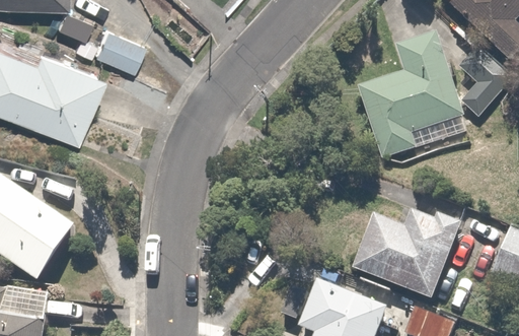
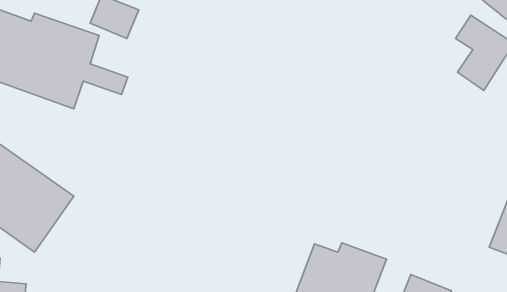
building: [362,45,462,146] -> none
building: [358,197,463,300] -> none

